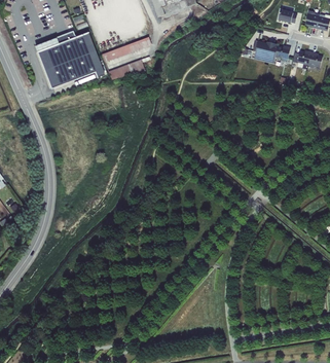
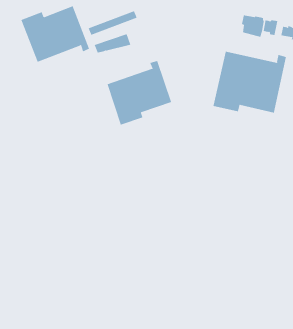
building: none -> [213,51,287,113]
building: none -> [107,60,172,126]

